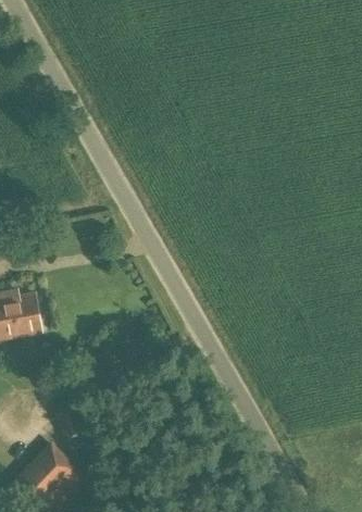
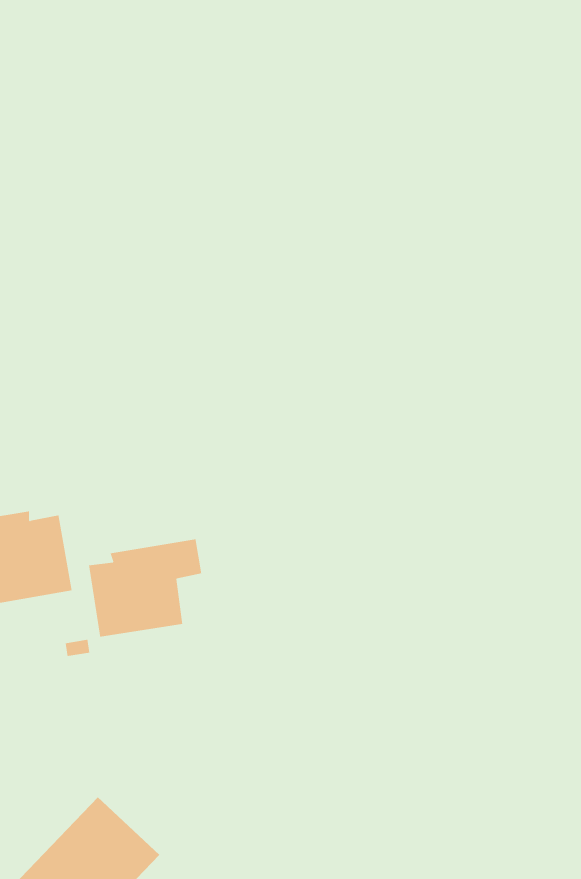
building: none -> [89,539,202,638]

